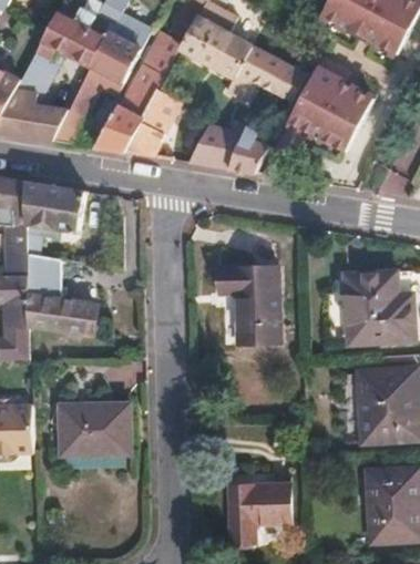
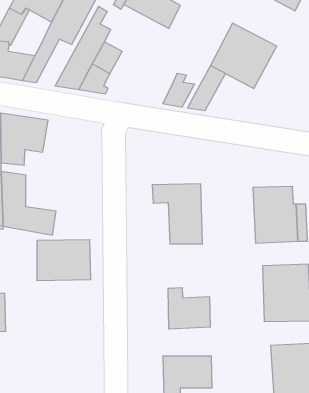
building: [231,45,306,100] -> none
building: [191,124,243,168] -> none
building: none -> [168,288,210,329]
building: [61,407,129,458] -> [37,240,91,280]

